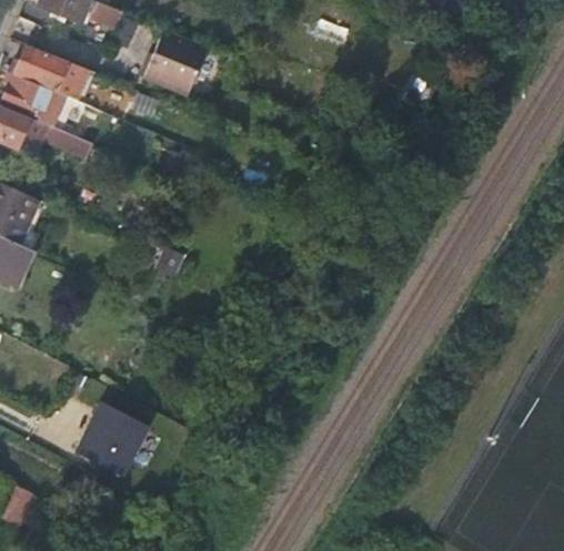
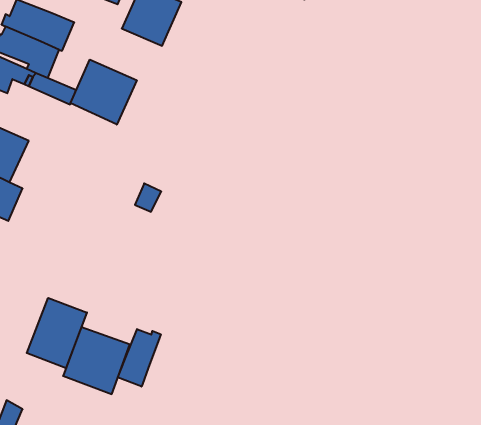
building: none -> [71,60,137,125]
building: none -> [27,298,87,368]
building: none -> [118,329,161,387]

